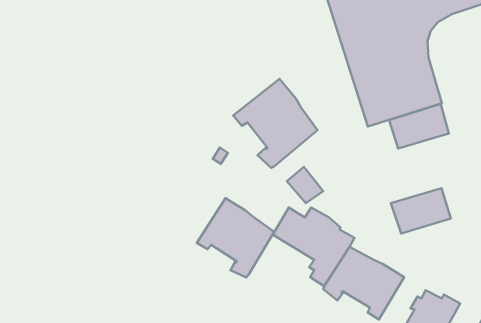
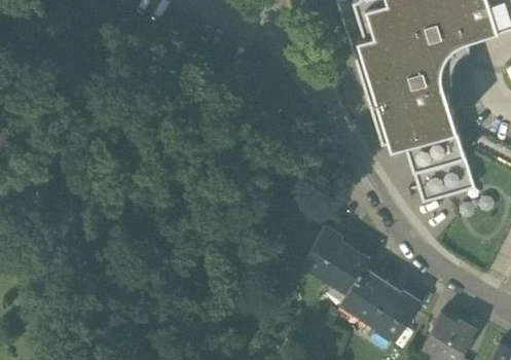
building: [233,79,317,168] -> none
building: [391,188,451,234] -> [417,156,478,203]
building: [197,198,274,277] -> none

